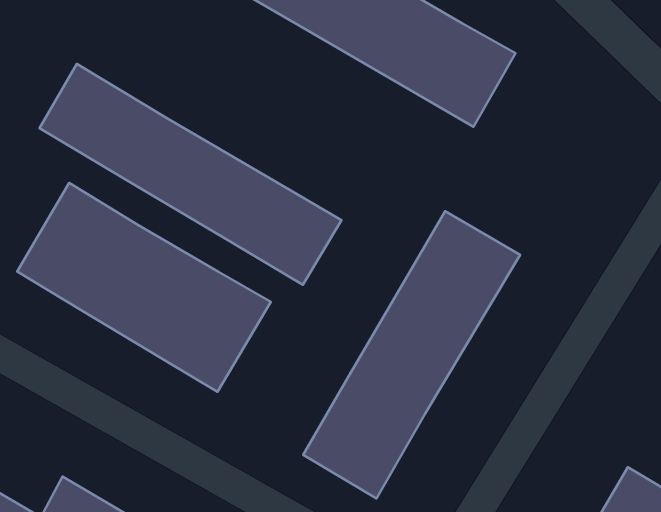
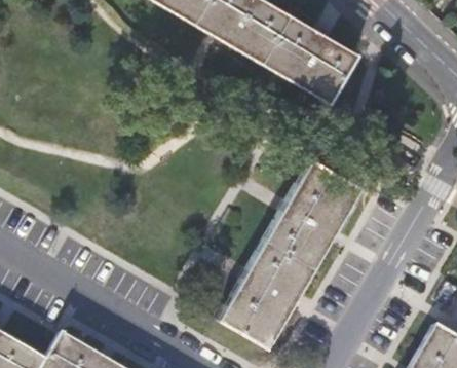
building: [40,64,341,285] -> none
building: [17,183,271,392] -> none

